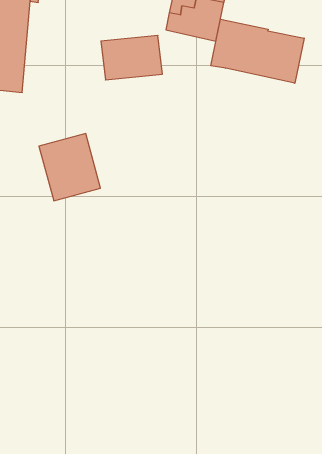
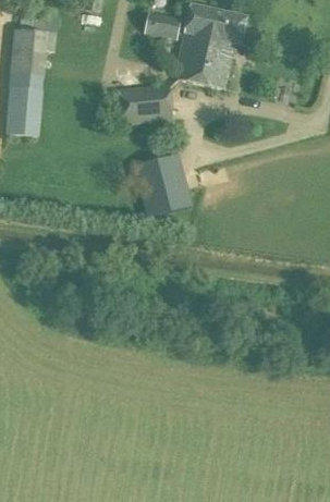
building: [211,19,304,83] -> none
building: [39,134,100,201] -> [133,152,192,217]

